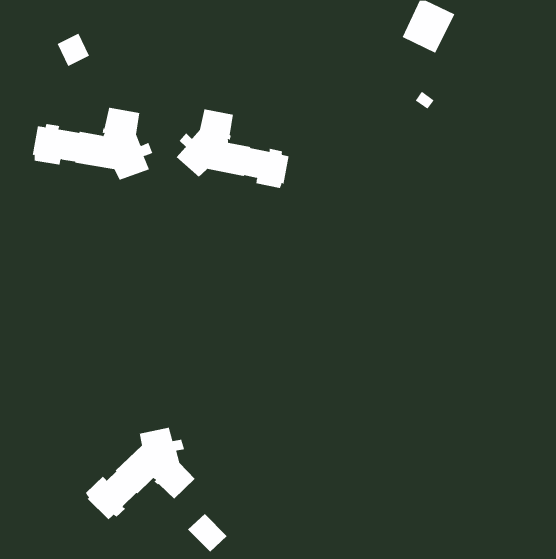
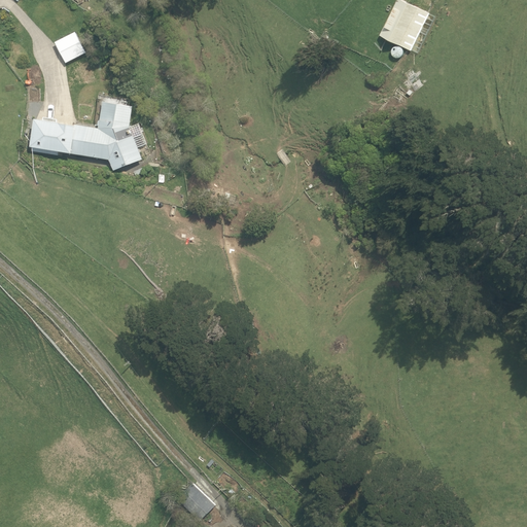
building: [176,108,289,189] -> none
building: [85,427,195,520] -> none

